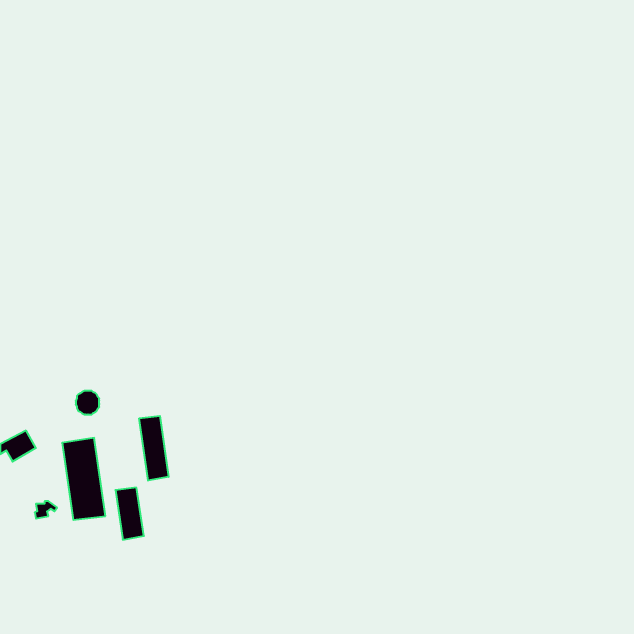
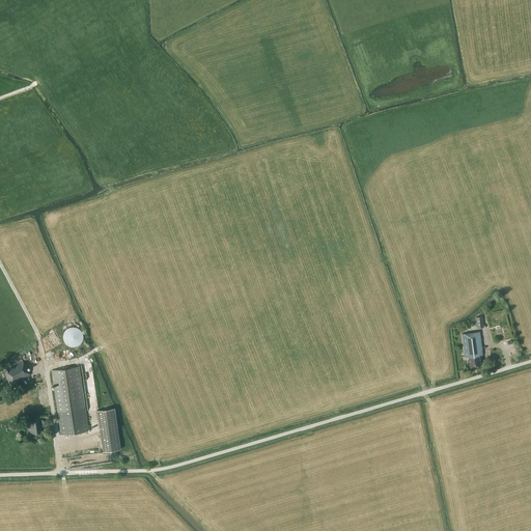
building: none -> [462,331,483,366]
building: [139,416,169,481] -> none

